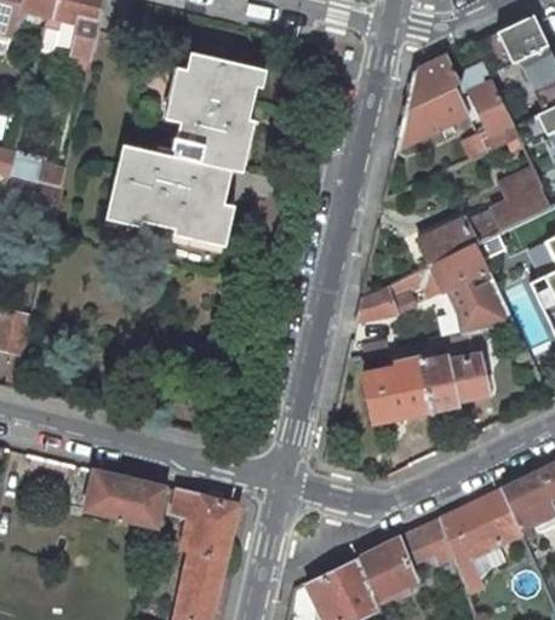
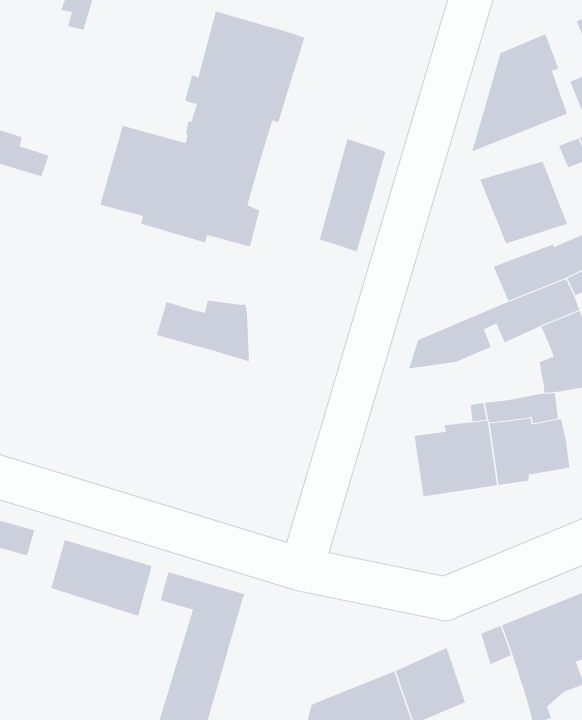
building: none -> [319,138,386,252]
building: none -> [480,161,568,244]
building: none -> [156,300,249,362]

